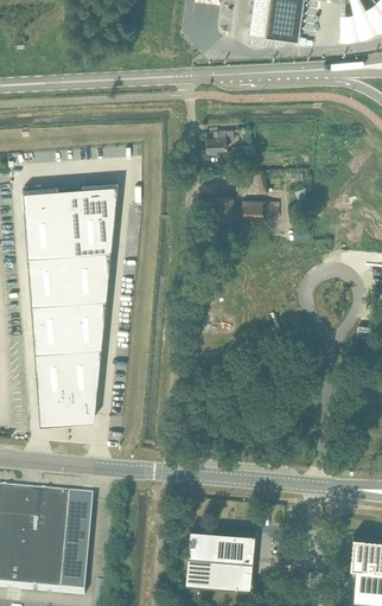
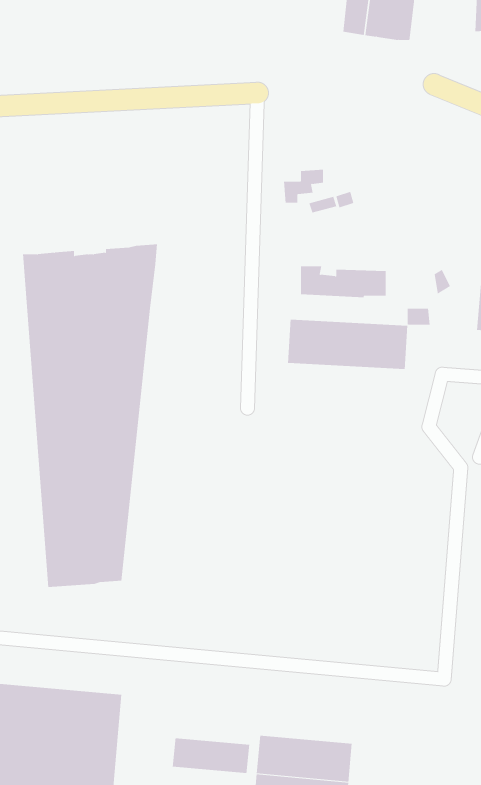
building: none -> [288,319,408,370]
building: none -> [172,737,250,774]

